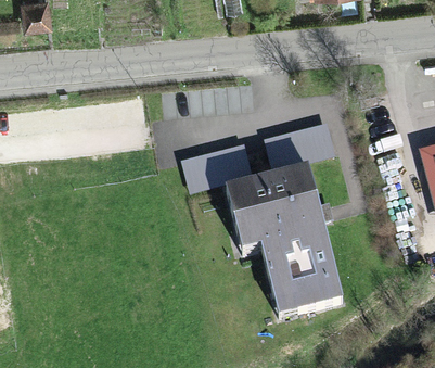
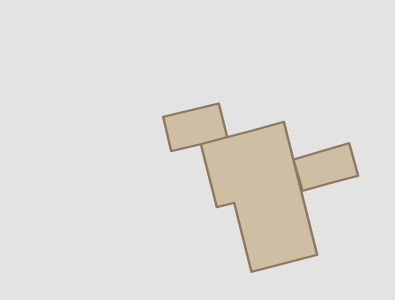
building: [266,126,335,177] -> [293,143,358,191]

